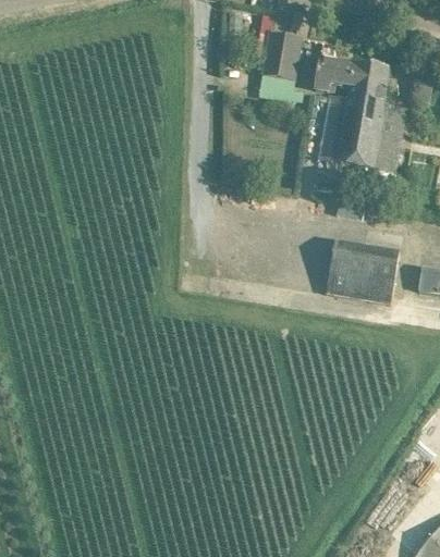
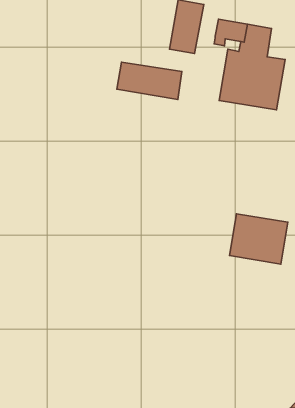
building: none -> [117,62,182,100]
building: [326,240,400,305] -> [230,214,288,264]

